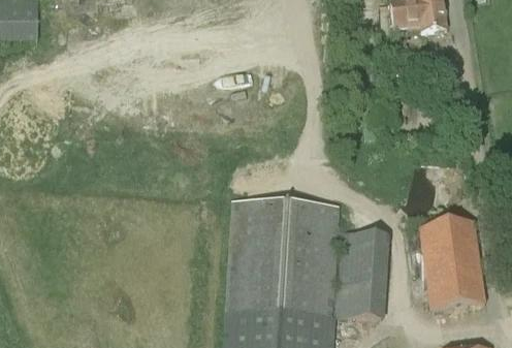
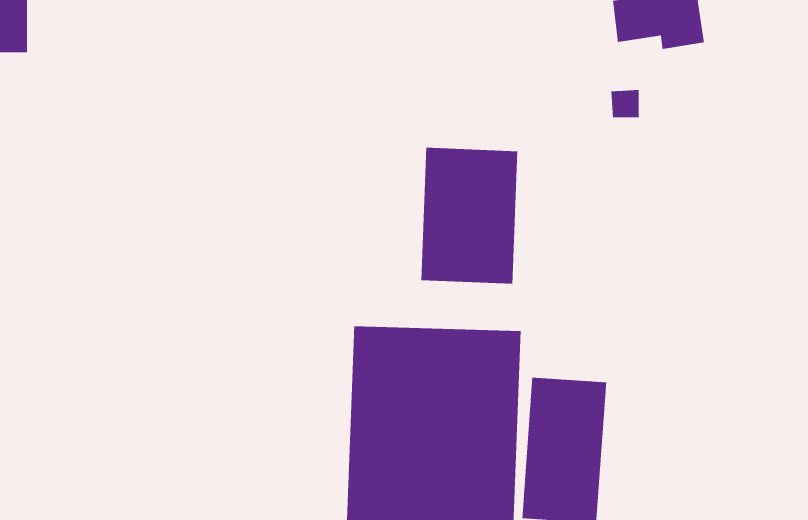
building: none -> [421,147,518,284]
building: [420,220,485,310] -> none

